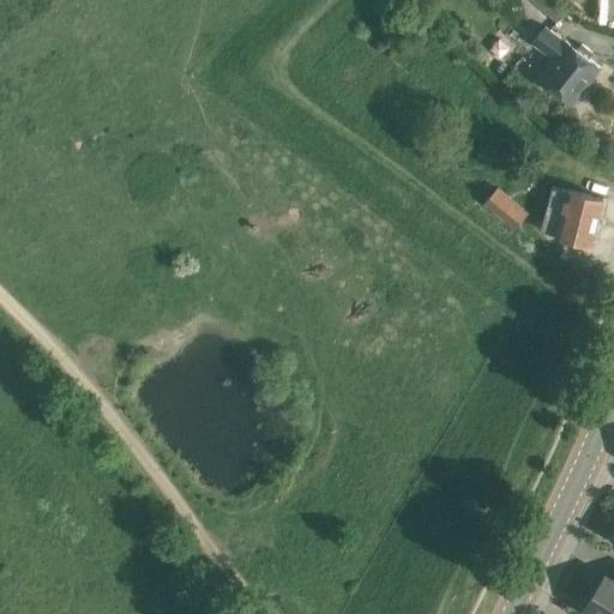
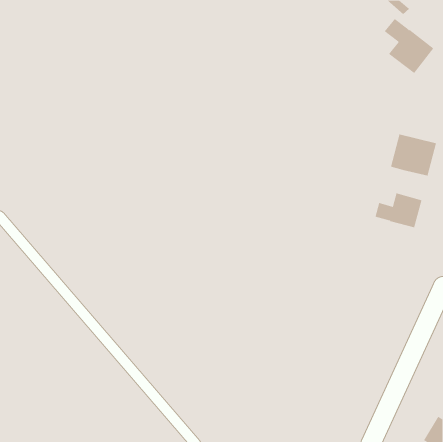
building: [483,189,526,229] -> none
building: none -> [375,193,422,228]

